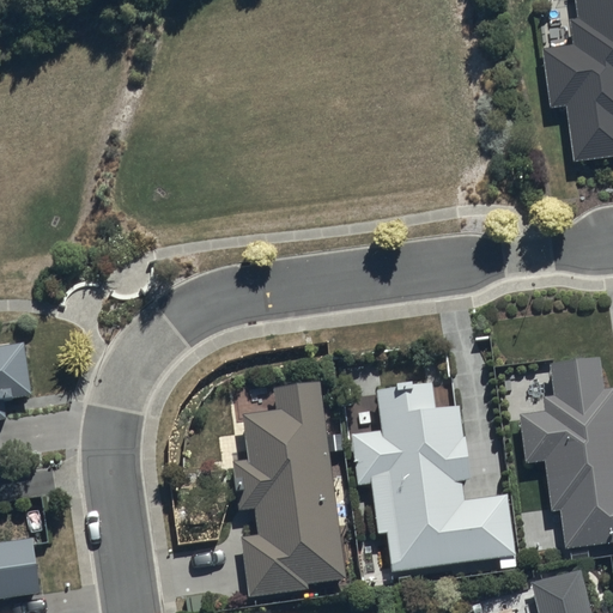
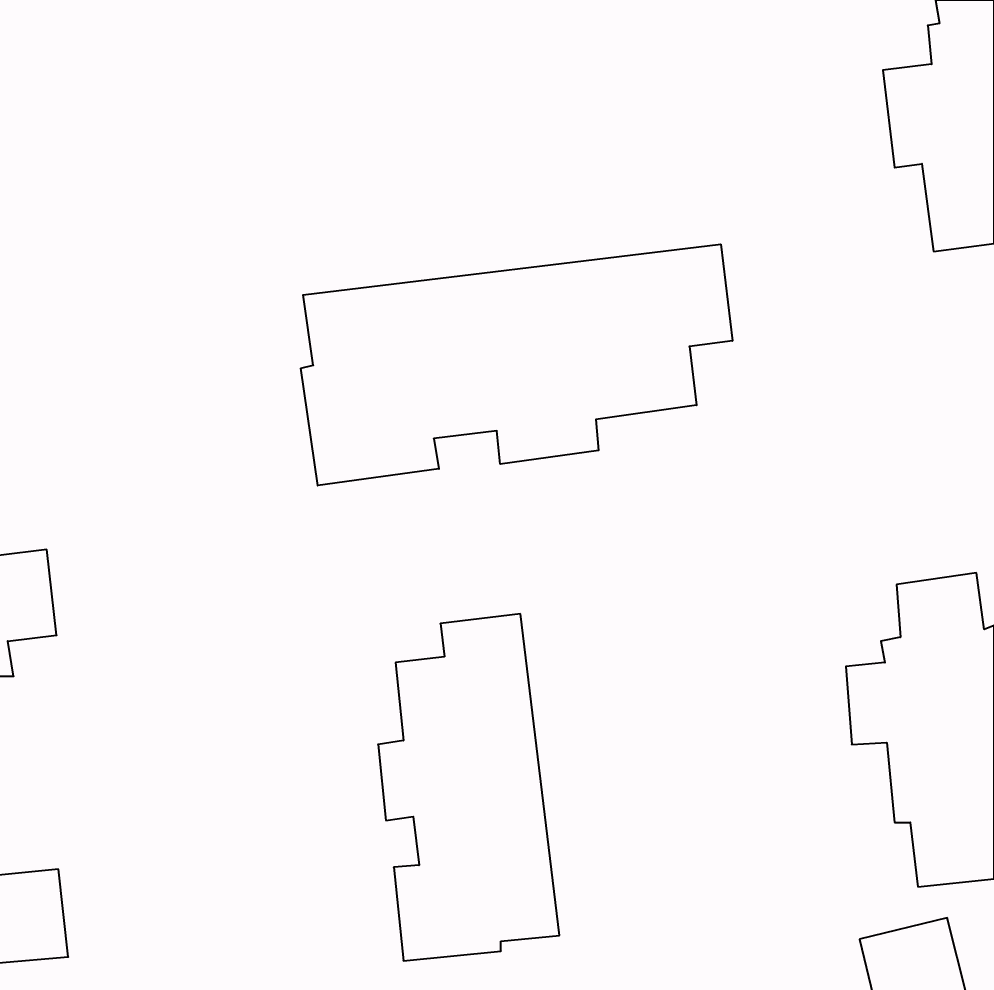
building: none -> [301,244,732,486]
building: [350,382,517,571] -> none

